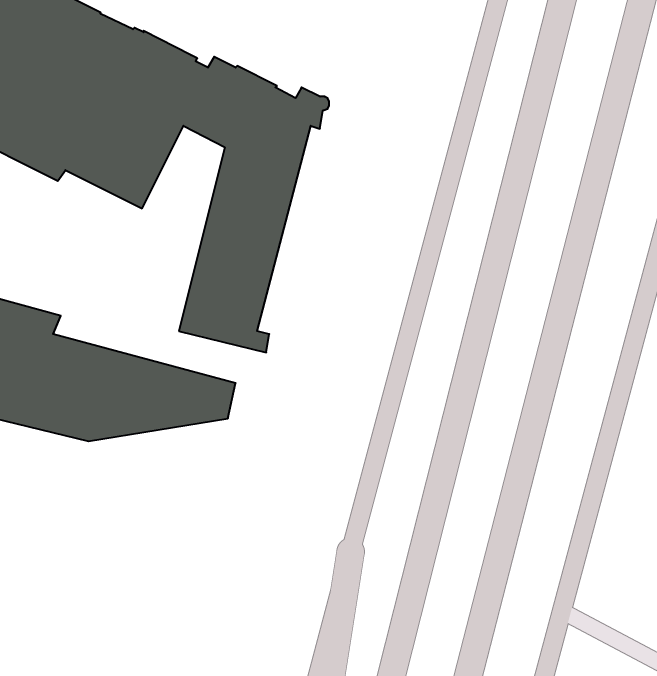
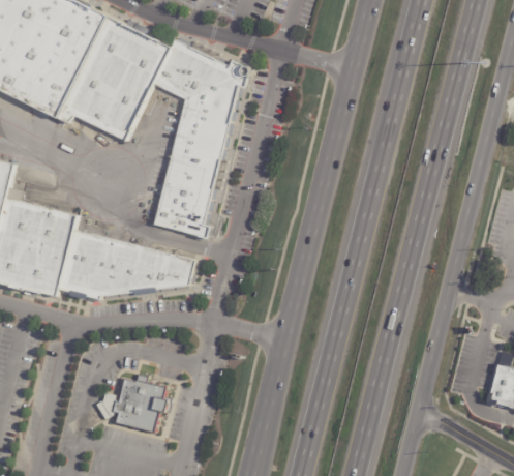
building: none -> [93,376,170,432]

